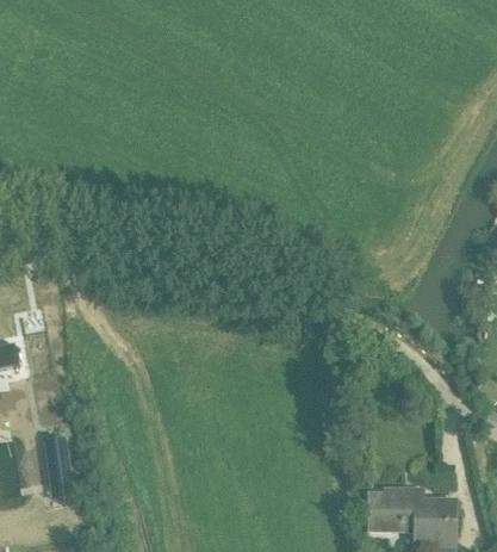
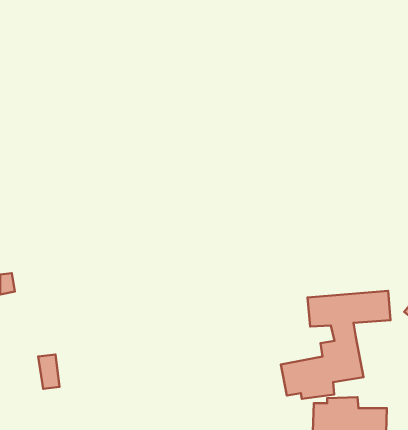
building: none -> [281,291,391,399]

